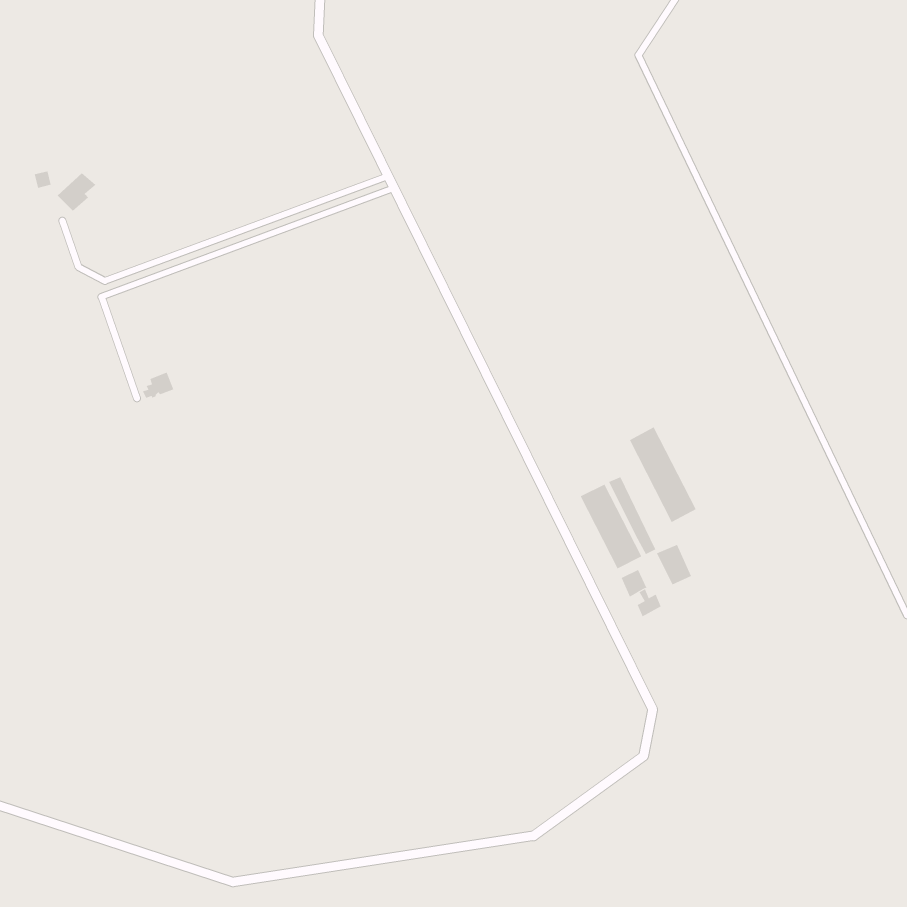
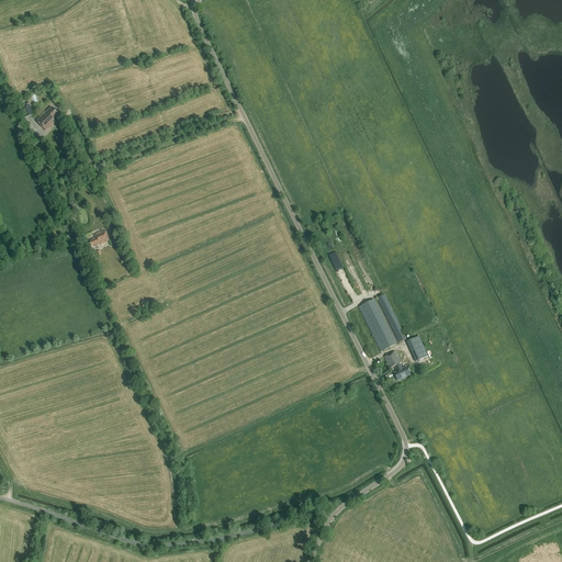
building: [629,427,697,523] -> none

